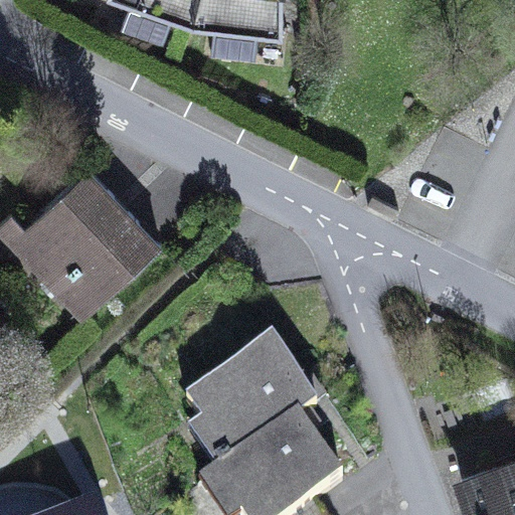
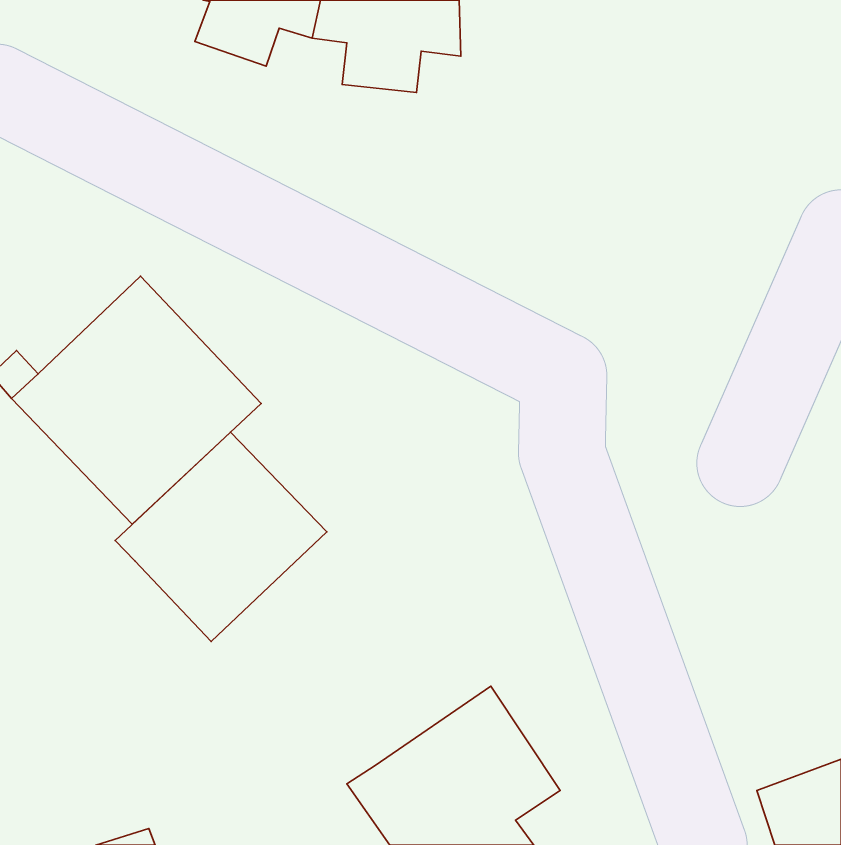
building: none -> [115,432,327,642]
building: [185,343,315,466] -> none

